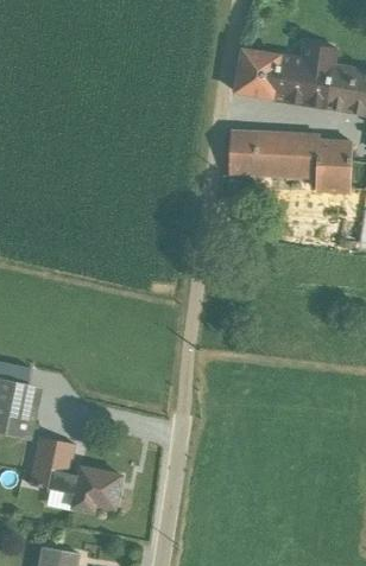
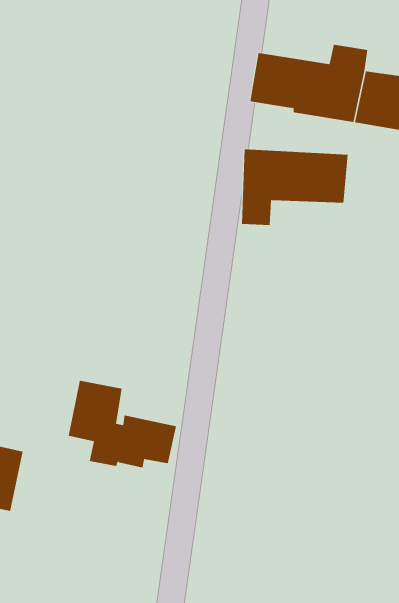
building: [315,136,352,192] -> none
building: [29,435,121,510] -> [68,380,177,468]

